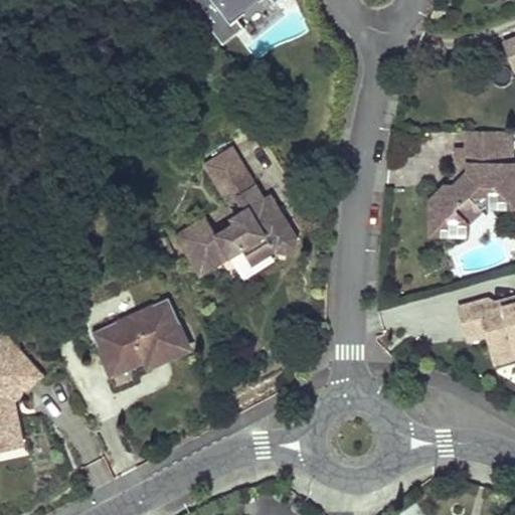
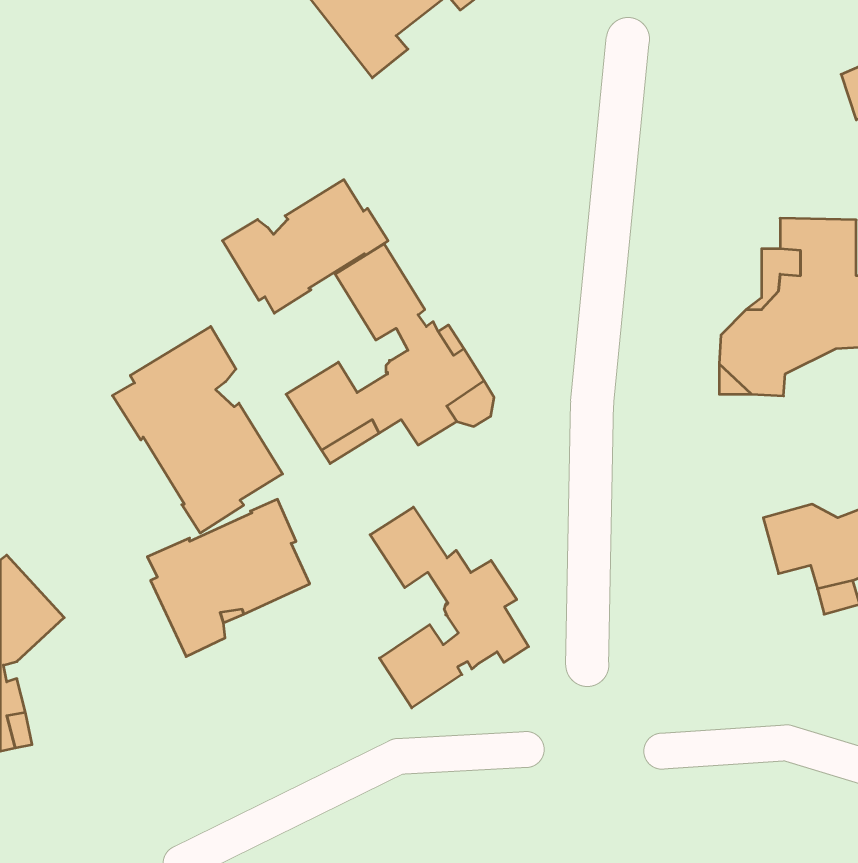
building: none -> [222,180,388,313]
building: none -> [112,326,283,533]
building: none -> [370,507,529,708]

